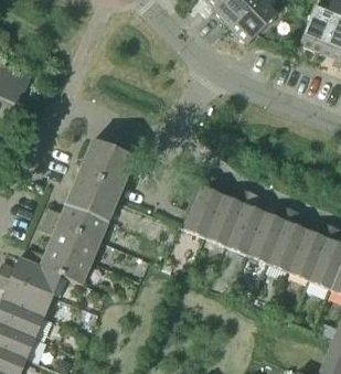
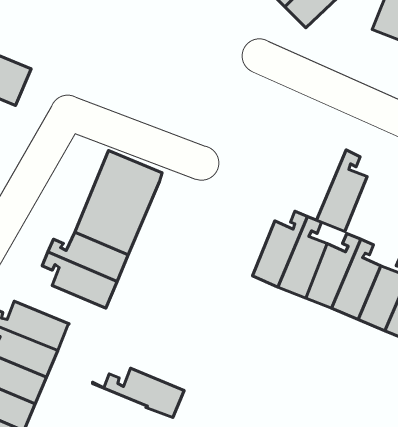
building: [183,173,223,237] -> [317,150,367,232]
building: [19,245,90,284] -> [92,368,184,417]

